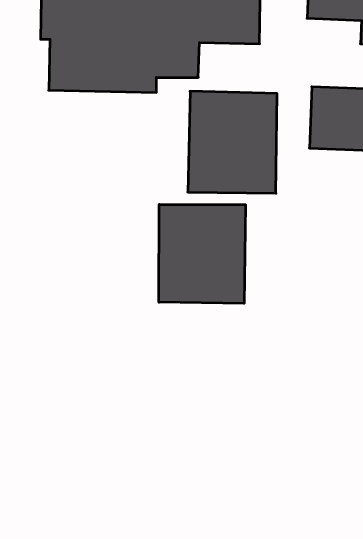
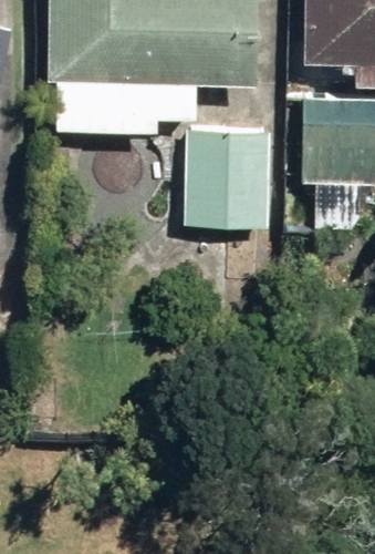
building: [159,204,245,303] -> none

